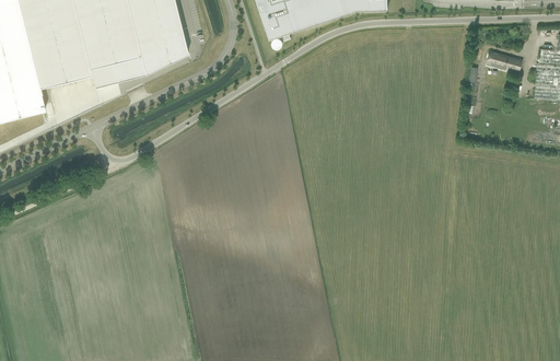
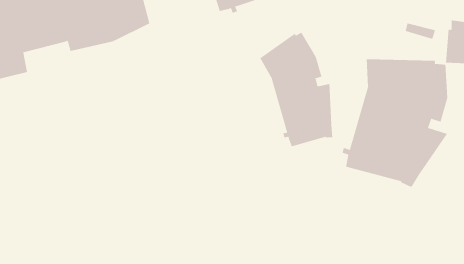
building: none -> [259,32,333,147]
building: none -> [342,59,448,188]

